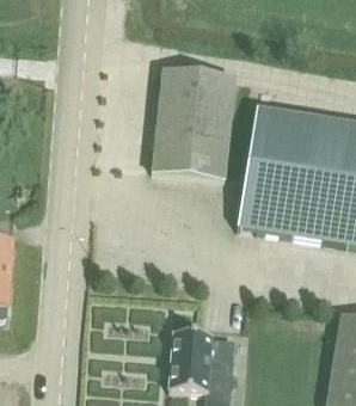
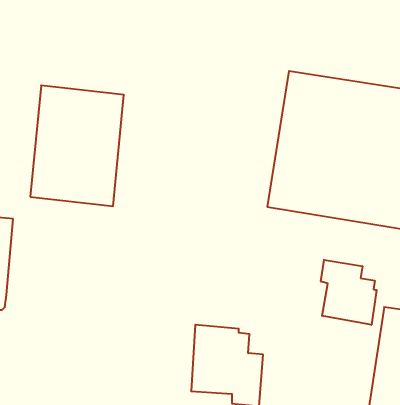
building: [152,69,234,176] -> [30,85,124,206]
building: none -> [321,260,377,325]

